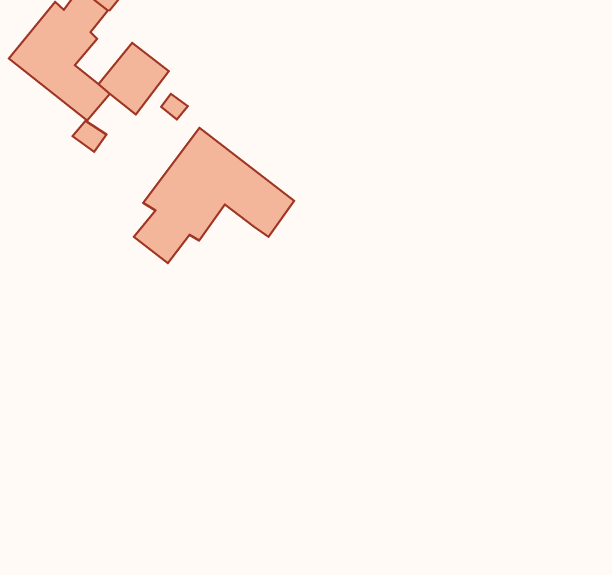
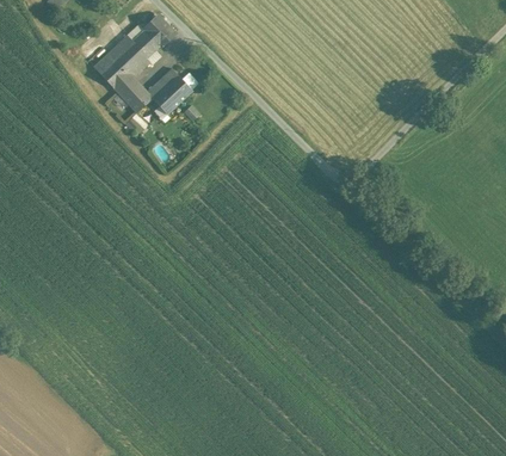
building: [134,128,294,263] -> none

